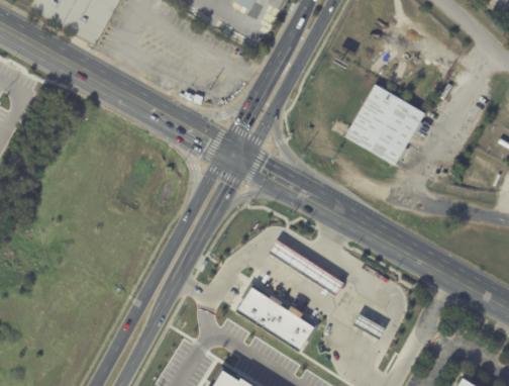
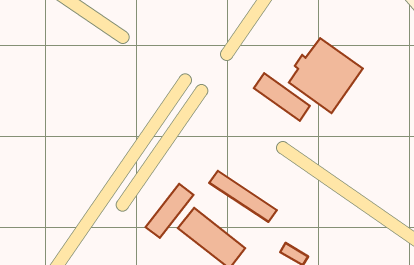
building: none -> [254,73,310,121]
building: none -> [146,184,194,238]

